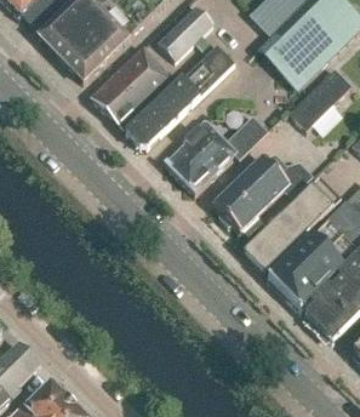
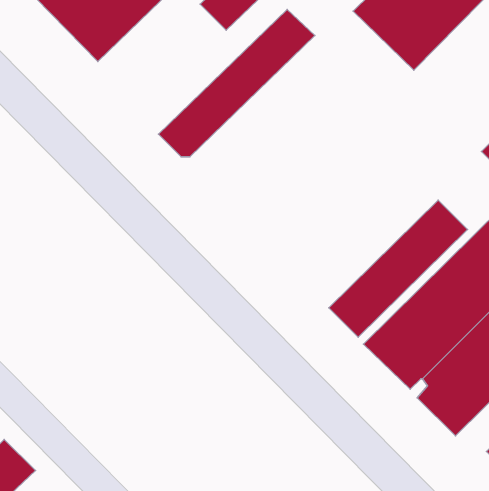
building: [92,46,173,121] -> none
building: [290,65,352,127] -> none
building: [166,113,269,190] -> none
building: [212,160,282,229] -> none

